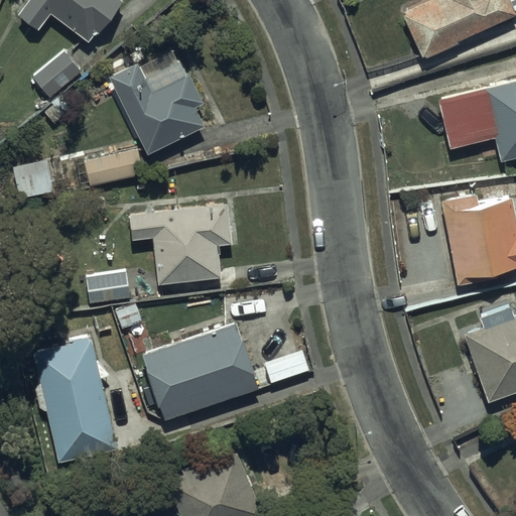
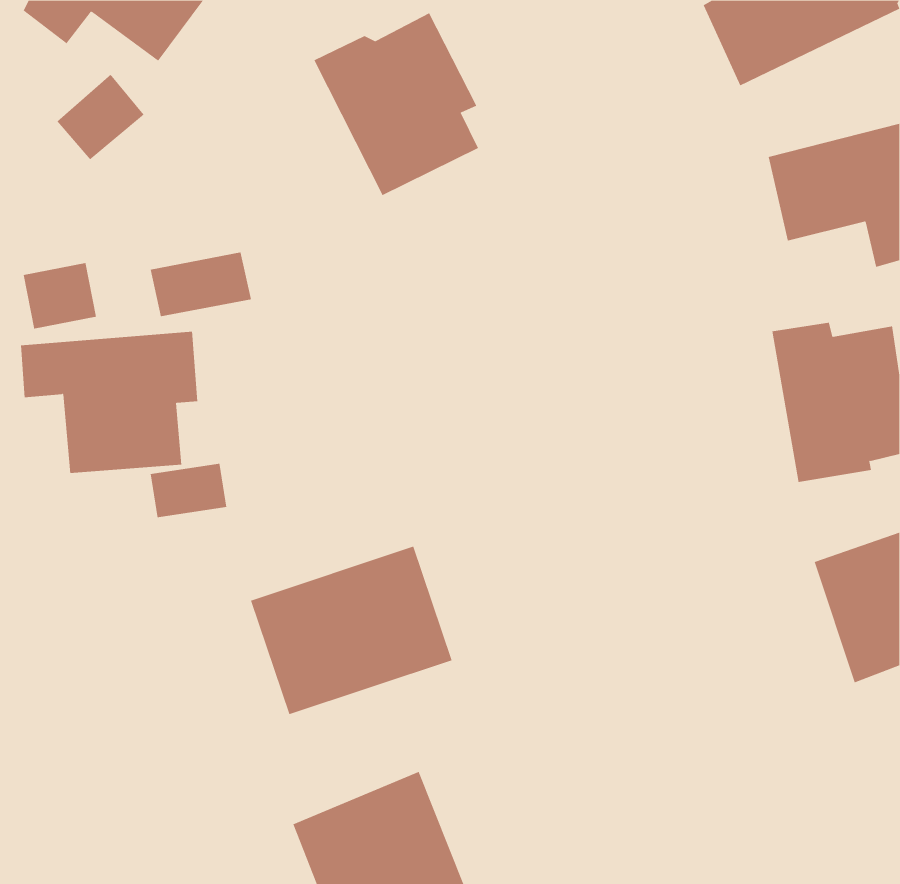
building: [108,47,203,152] -> [313,13,479,196]
building: [129,203,231,284] -> [20,331,198,474]
building: [31,338,117,460] -> none

